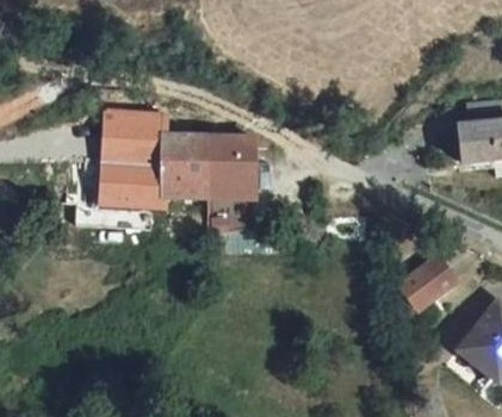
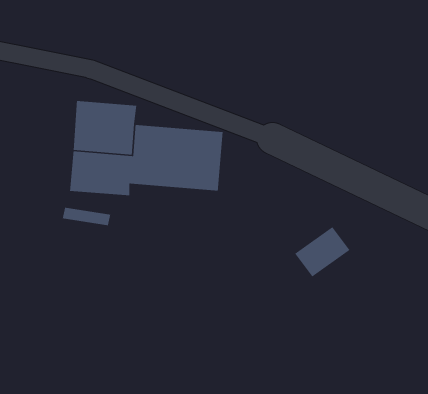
building: [397,254,453,305] -> [294,226,350,278]

